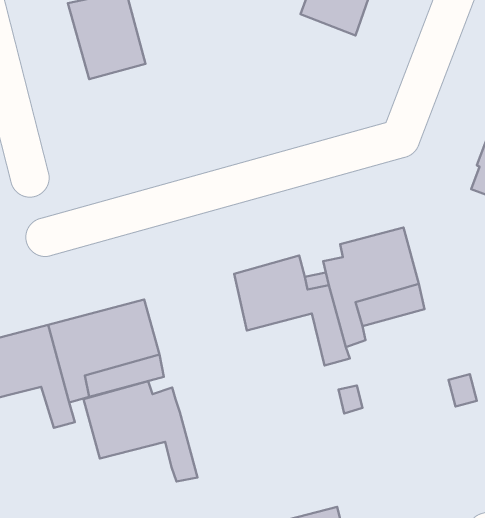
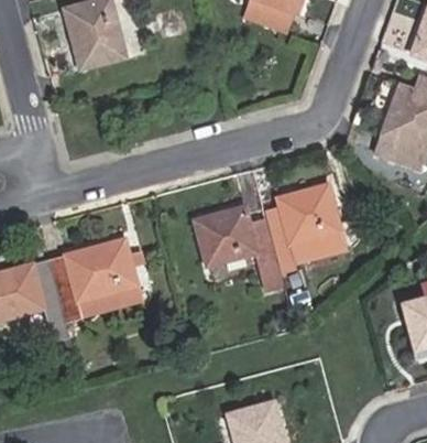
building: [84,381,198,482] -> none

